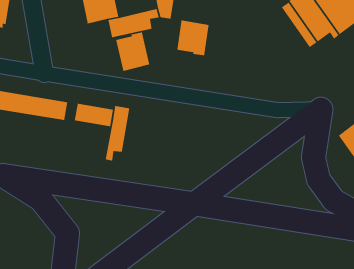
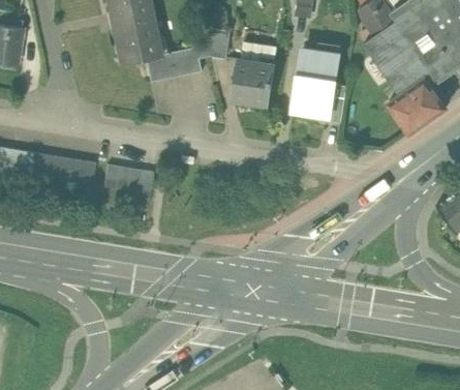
building: none -> [285,44,336,117]
building: [115,32,150,72] -> none
building: none -> [391,77,449,132]
building: [105,105,130,162] -> none

